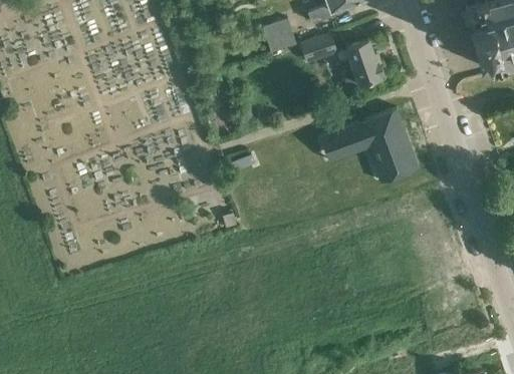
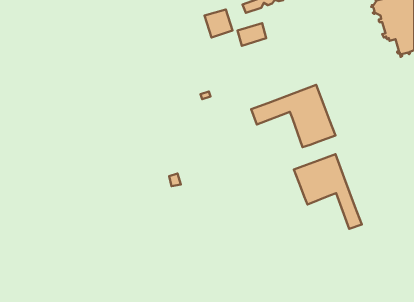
building: [343,40,384,87] -> none
building: none -> [294,154,362,229]

